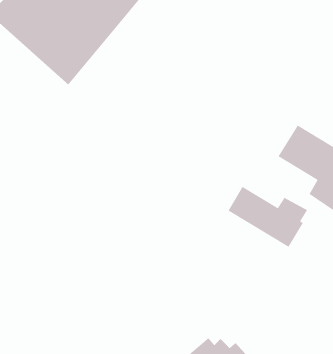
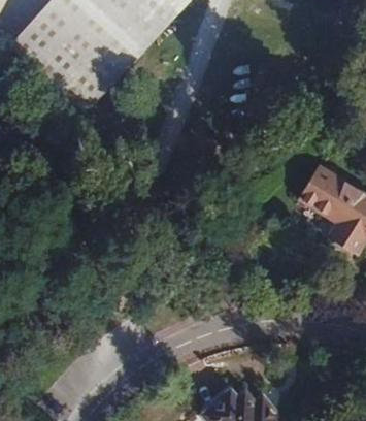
building: [228,186,308,248] -> none

